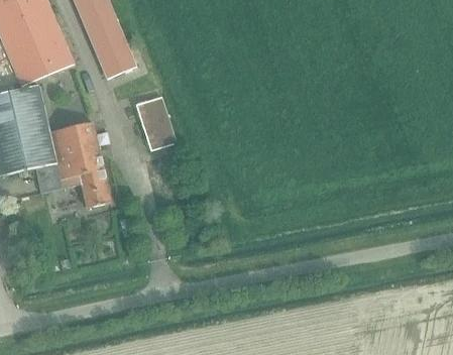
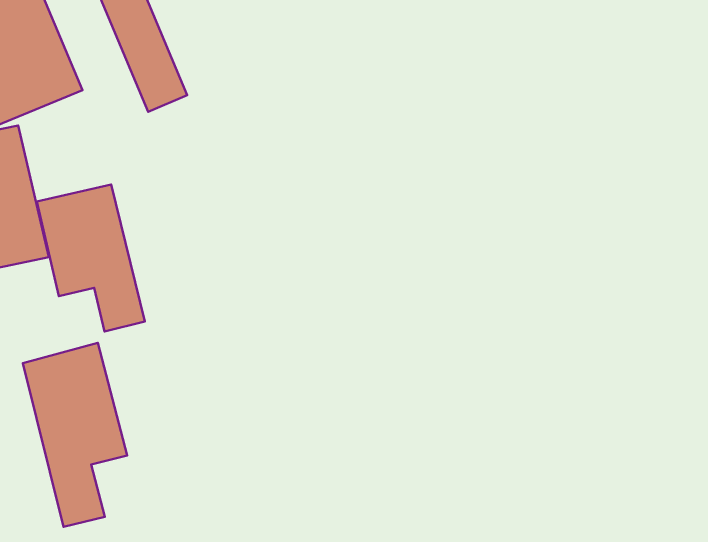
building: [136,99,176,153] -> none
building: none -> [23,343,127,527]

